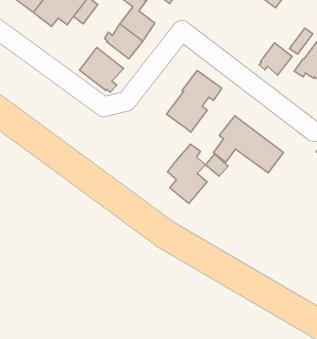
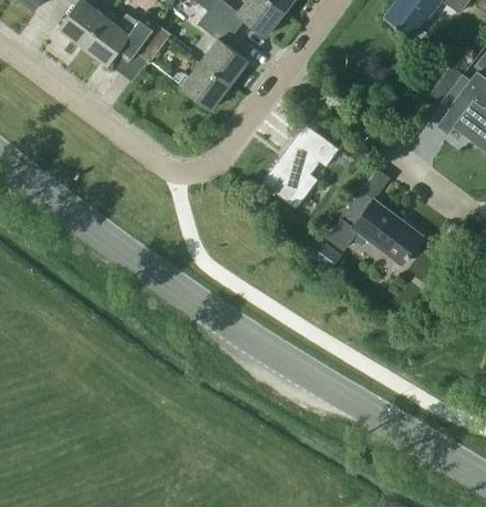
building: [259,43,292,75] -> none
building: [79,47,124,92] -> none
building: [168,144,207,203] -> none

